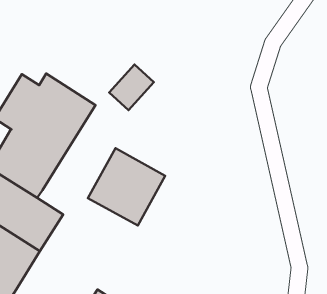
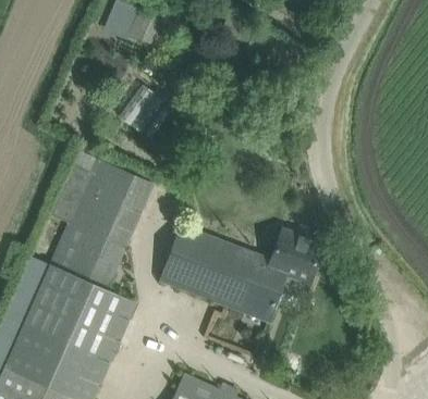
building: [109,65,154,110] -> [122,86,167,134]
building: none -> [215,229,322,323]

